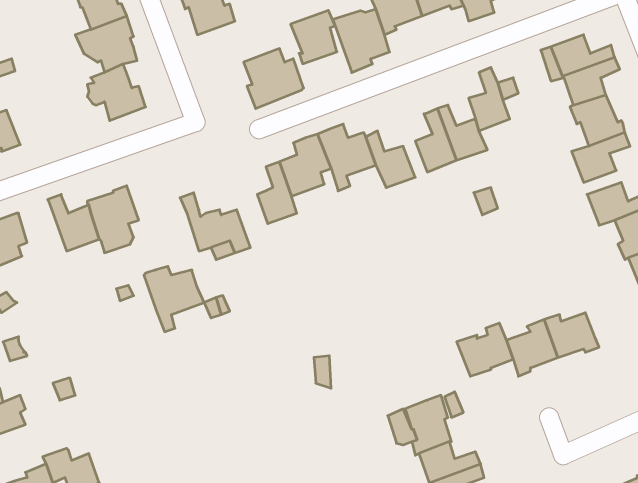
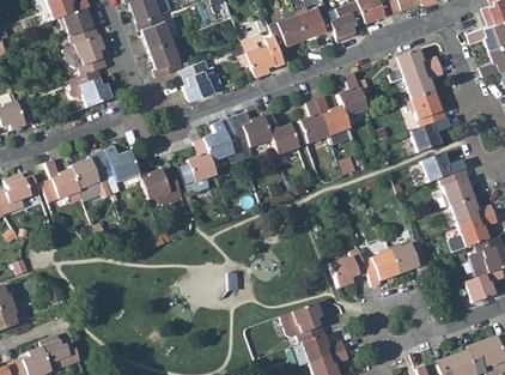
building: [291,10,337,64] -> [147,40,180,77]
building: [144,266,204,332] -> [98,149,140,194]

